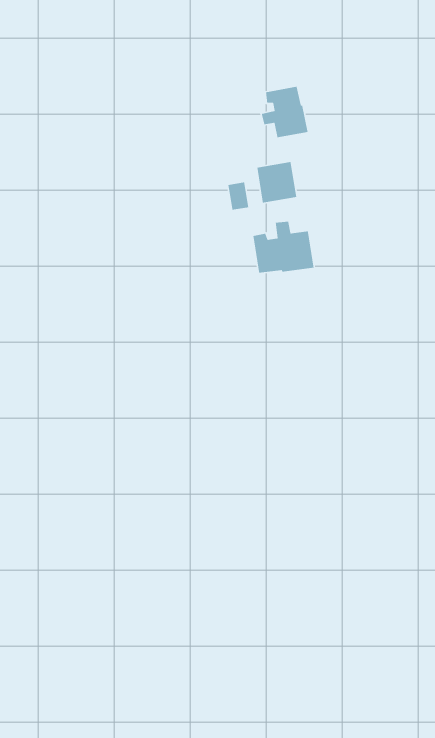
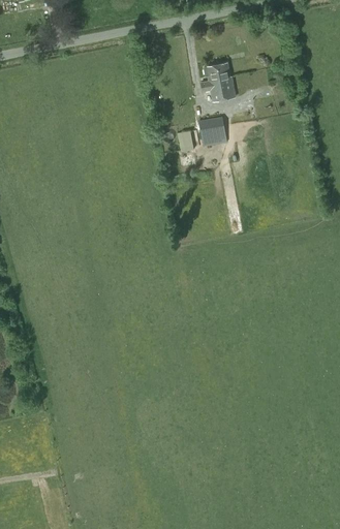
building: [252,221,314,273] -> none

